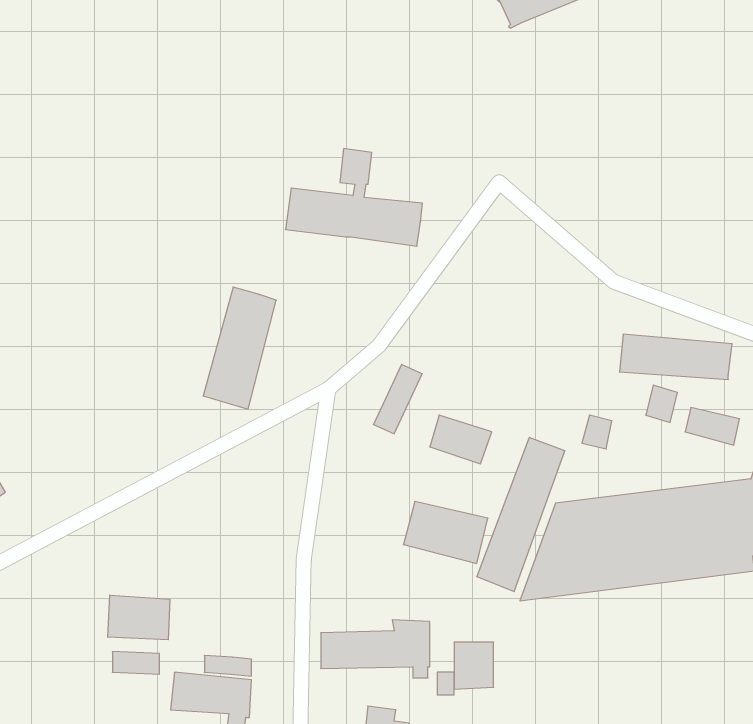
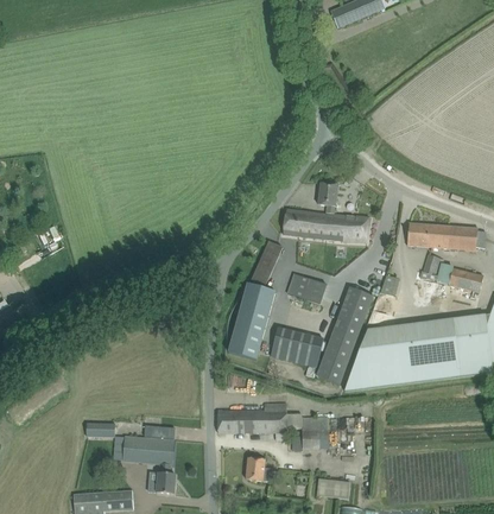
building: [285,149,422,246] -> [283,183,369,245]
building: [203,287,276,409] -> [227,283,273,360]
building: [108,595,170,640] -> none

